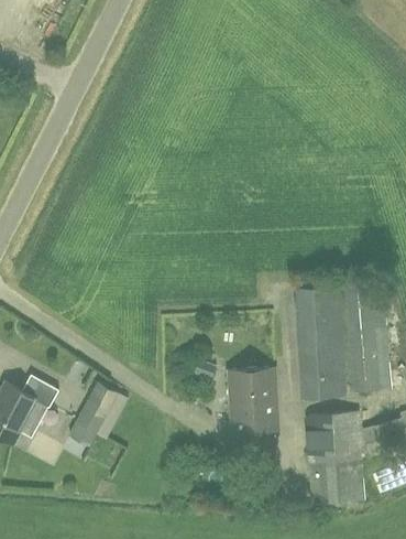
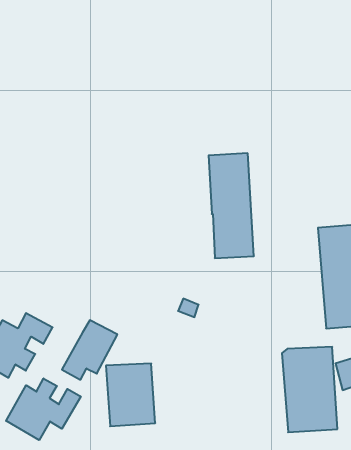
building: [296,287,344,399] -> [209,153,254,258]
building: [226,368,278,435] -> [106,364,155,426]
building: none -> [6,378,81,440]

